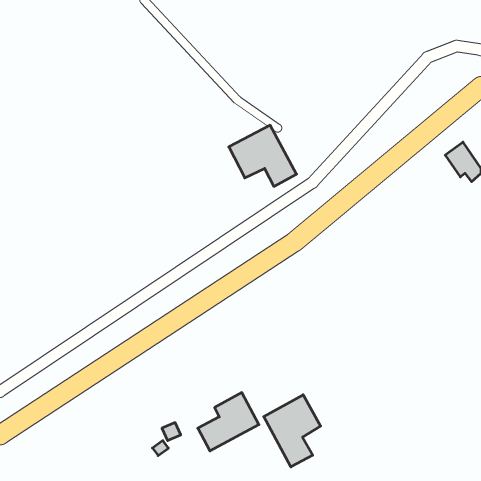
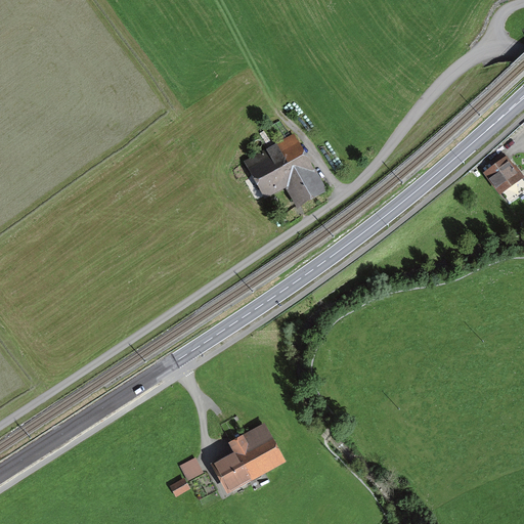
building: [264,395,321,467] -> none

